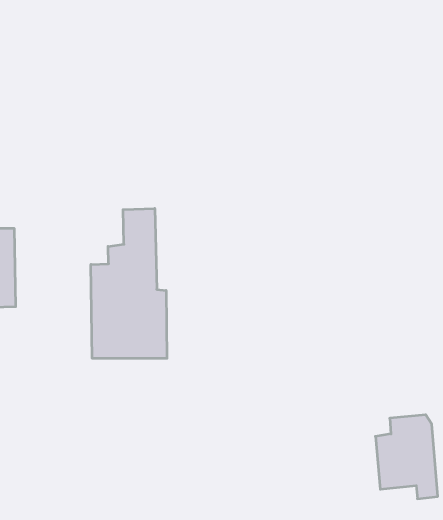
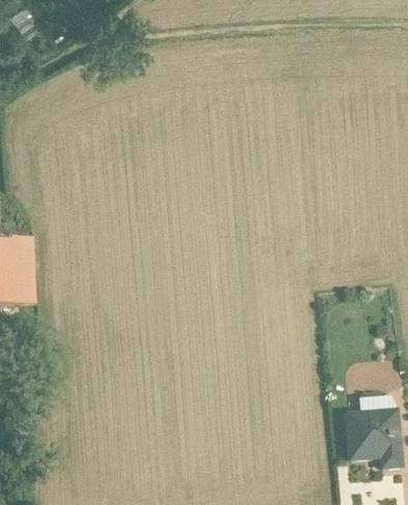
building: [91,208,167,358] -> none

